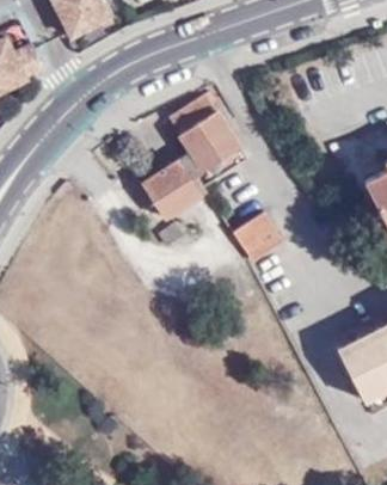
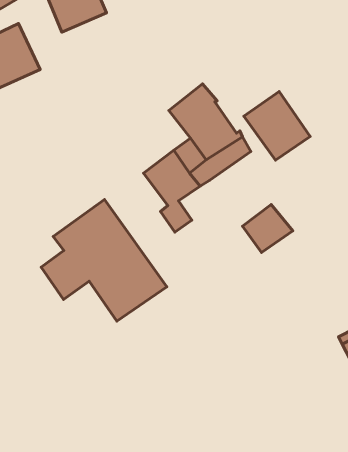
building: none -> [244,91,310,160]
building: none -> [41,200,167,321]

